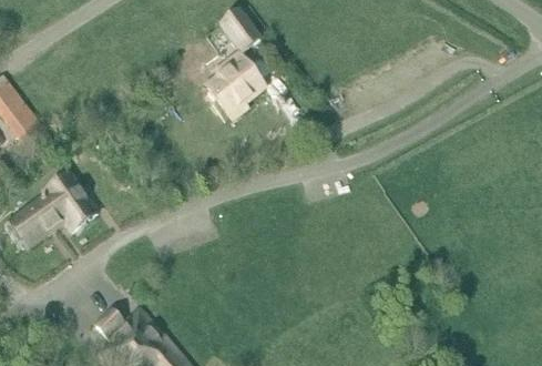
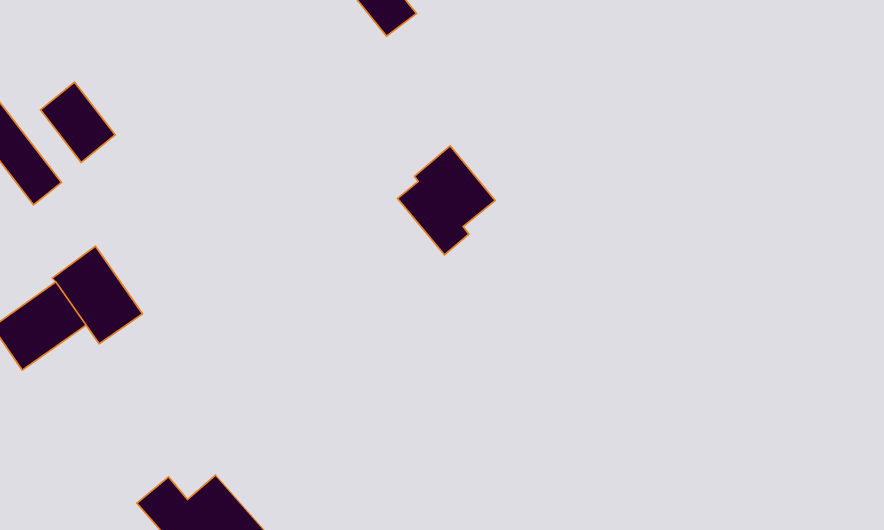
building: [205,52,263,116] -> [398,146,495,255]
building: none -> [41,82,115,162]

